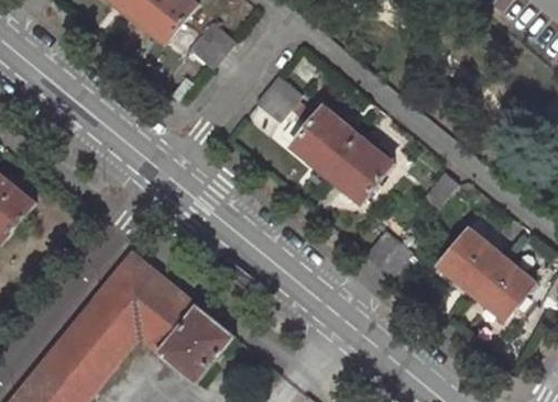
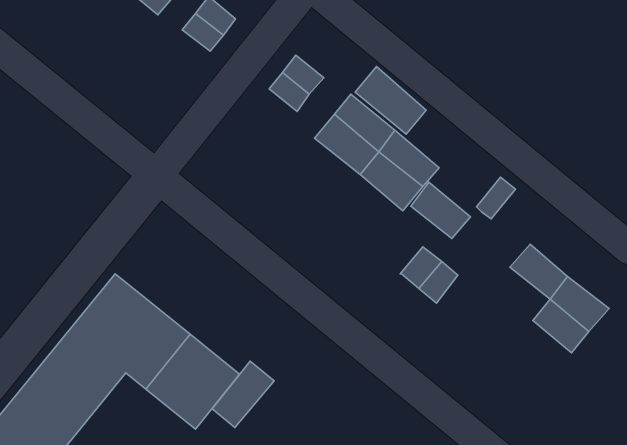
building: none -> [355,67,426,134]
building: none -> [411,182,471,238]
building: [439,248,486,292] -> none
building: none -> [212,361,274,427]

